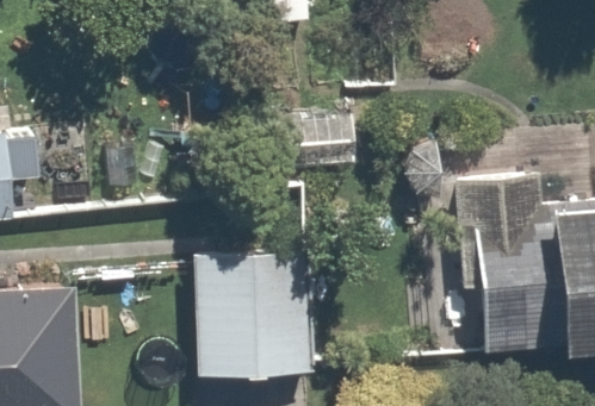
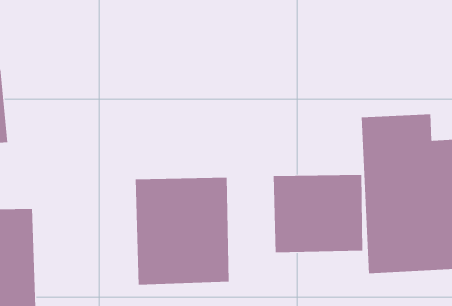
building: none -> [273,174,363,253]

